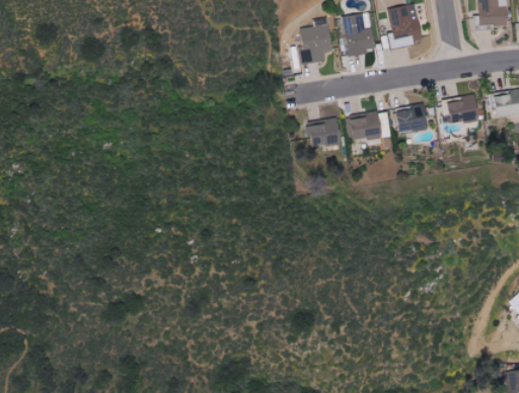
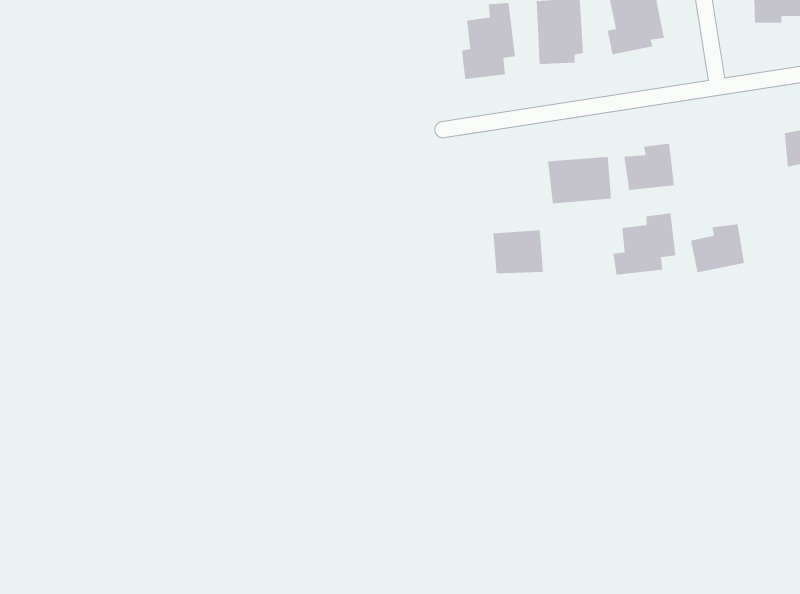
building: [446,93,479,124] -> [690,224,745,273]
building: [309,117,341,145] -> [493,229,544,274]
building: none -> [612,212,676,276]

